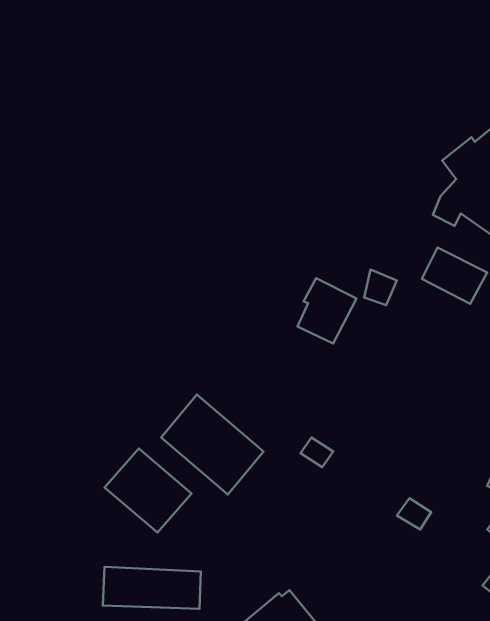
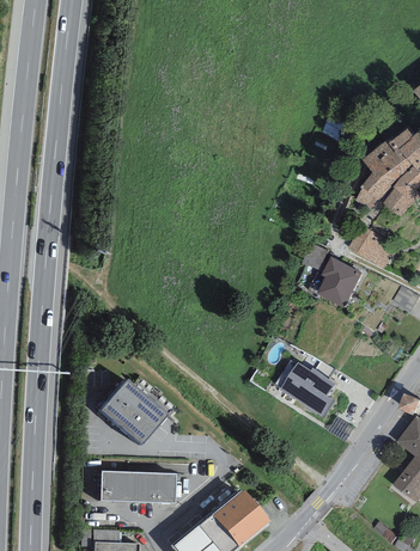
building: [297,278,357,344] -> [316,256,361,306]
building: [161,394,263,494] -> none
building: none -> [279,361,335,417]

